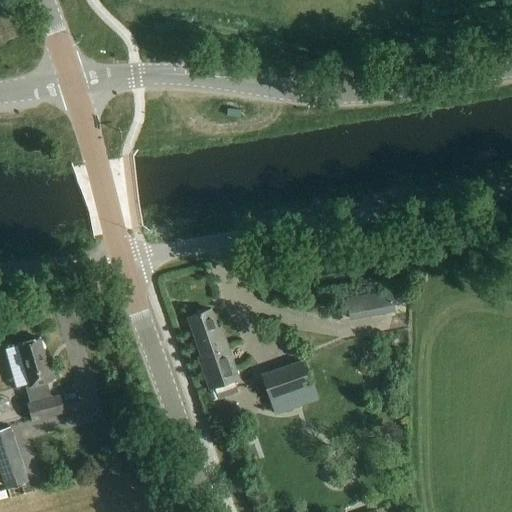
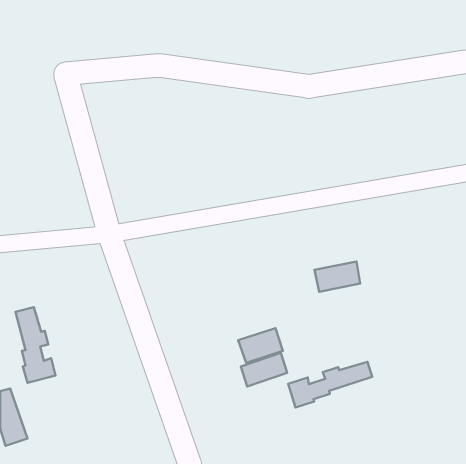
building: [188,308,239,397] -> none
building: none -> [288,362,372,407]

